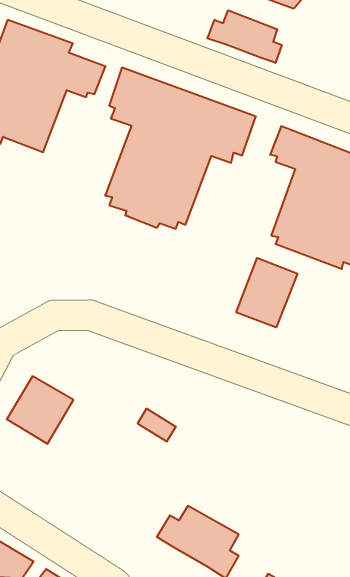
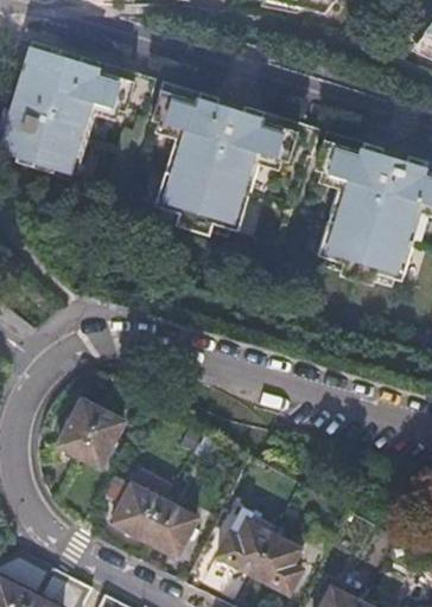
building: [207,10,282,63] -> none
building: [236,258,297,327] -> none
building: none -> [113,484,198,555]

